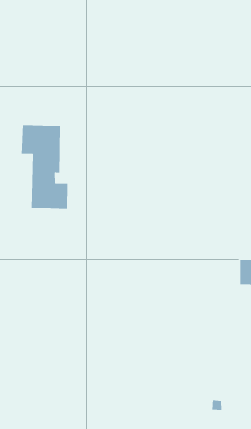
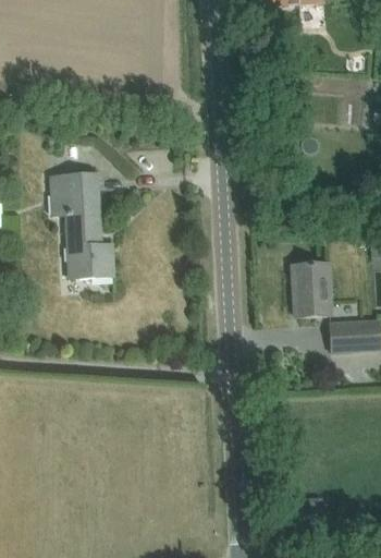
building: none -> [292,262,330,315]

